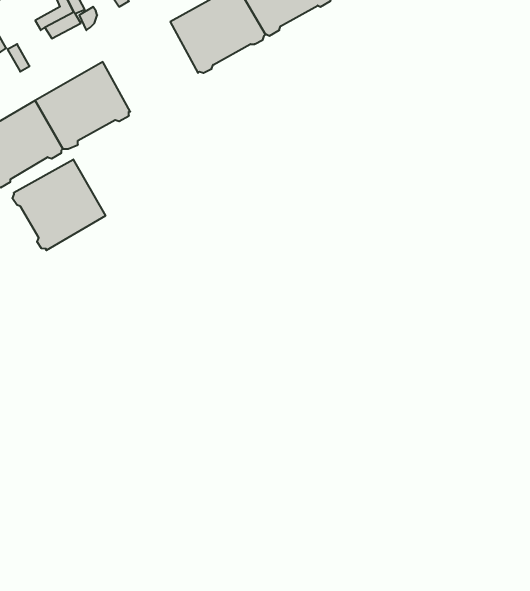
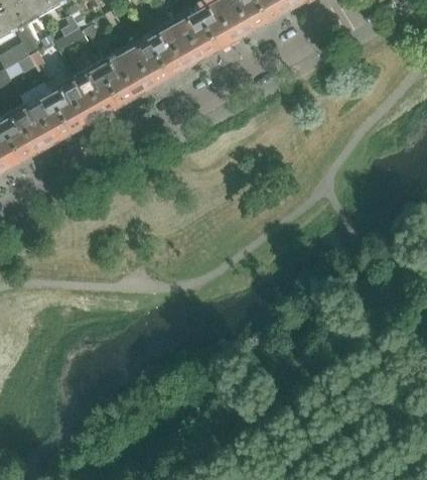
building: none -> [99,36,169,102]
building: [12,159,105,250] -> none

